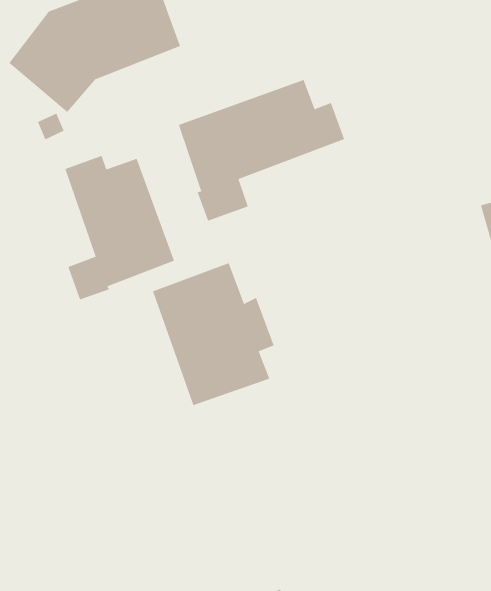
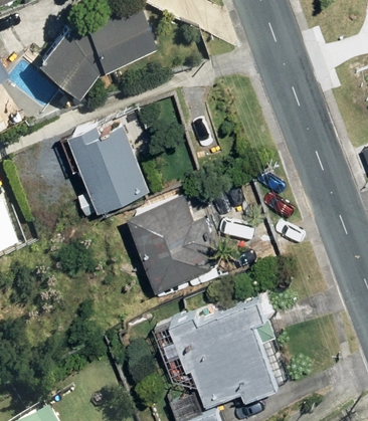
building: [178,79,345,222] -> none
building: none -> [175,300,281,407]

